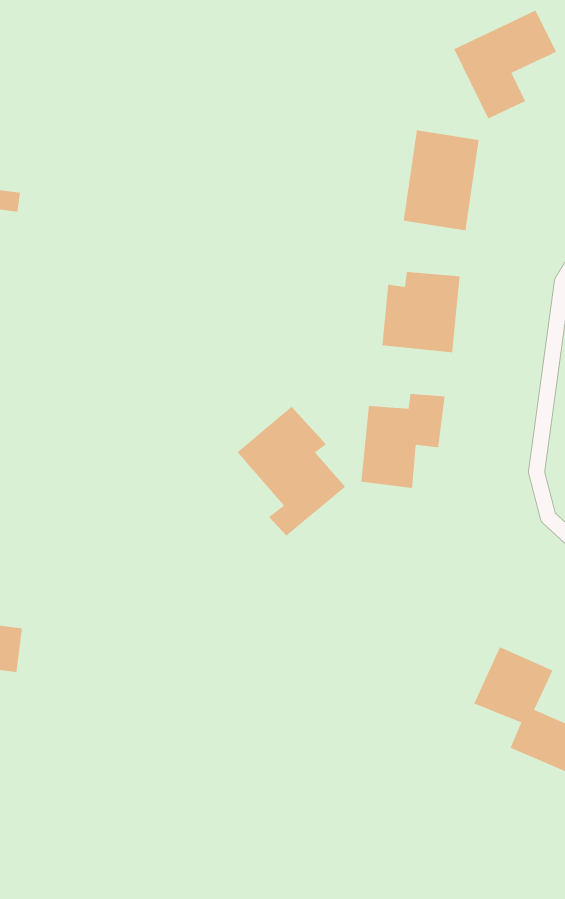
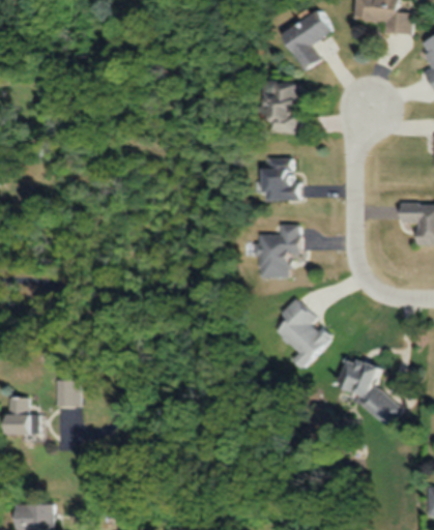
building: [236,406,346,536] -> [268,298,330,370]

